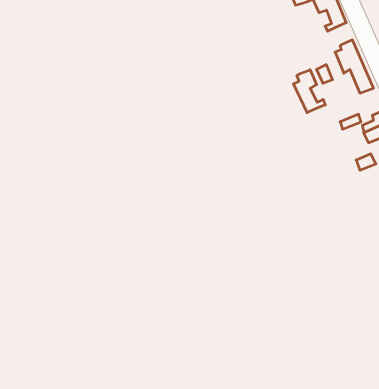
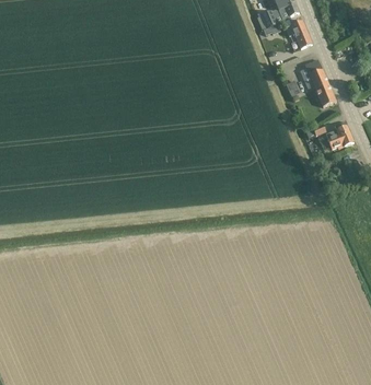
building: [293,70,325,113] -> none

